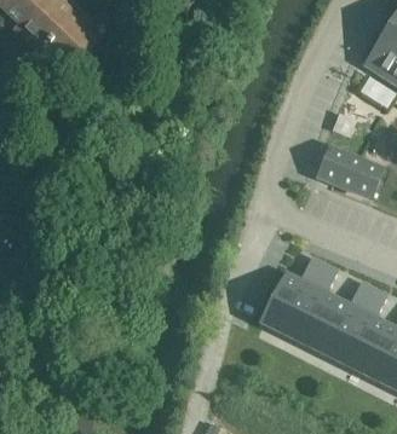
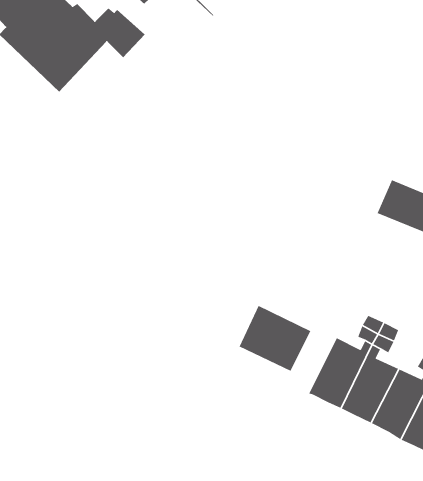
building: none -> [238,305,311,372]

